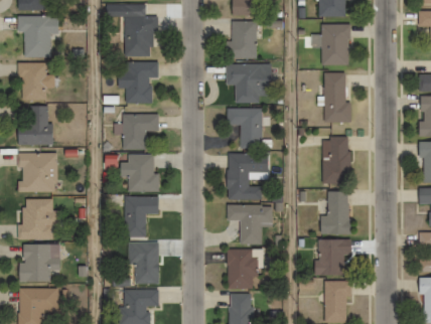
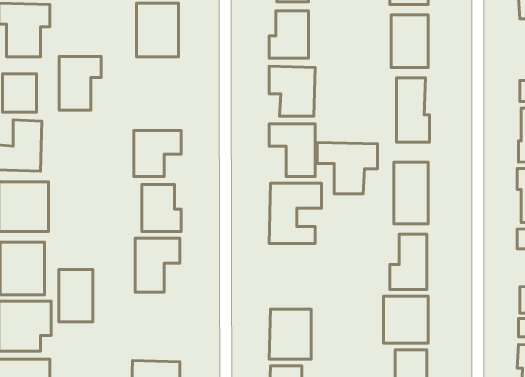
building: [127,62,159,104] -> [59,56,101,110]
building: [227,205,273,245] -> [317,142,378,194]
building: [132,244,158,284] -> [59,269,93,322]

